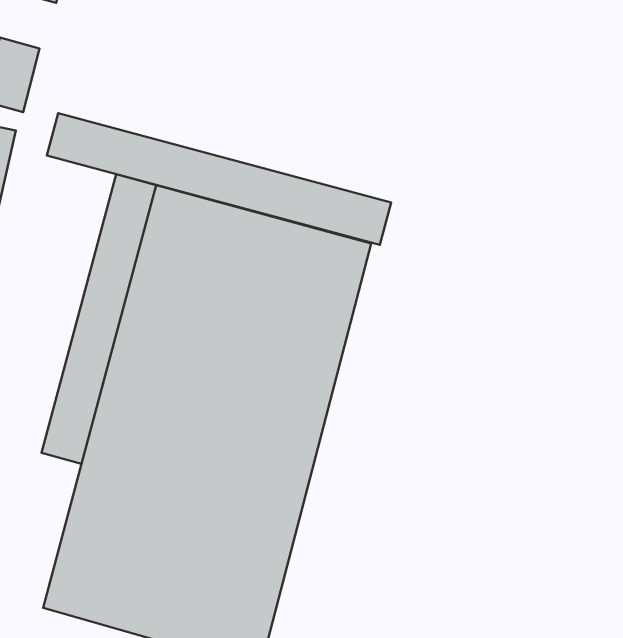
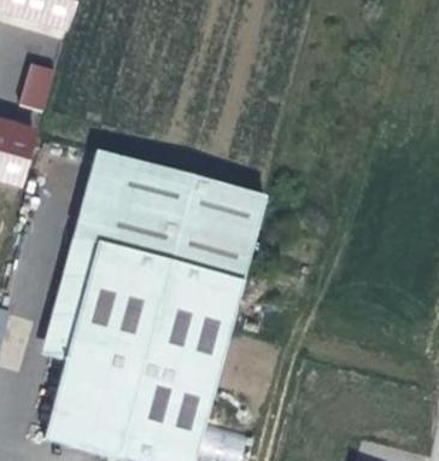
building: [47,113,391,245] -> none

